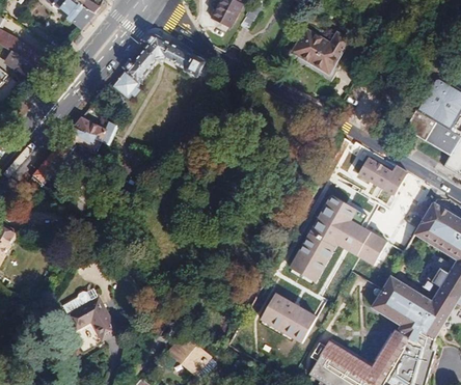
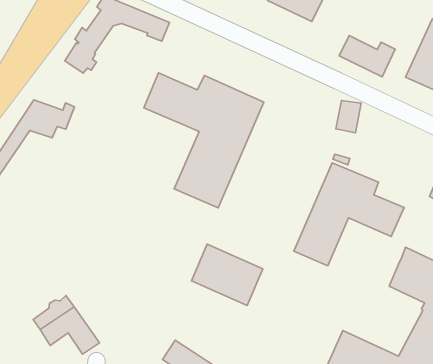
building: none -> [144,73,264,208]
building: [357,156,406,194] -> [339,36,395,77]
building: [260,290,322,346] -> [192,244,263,305]

